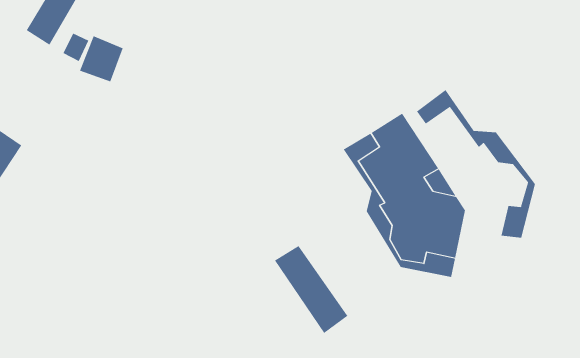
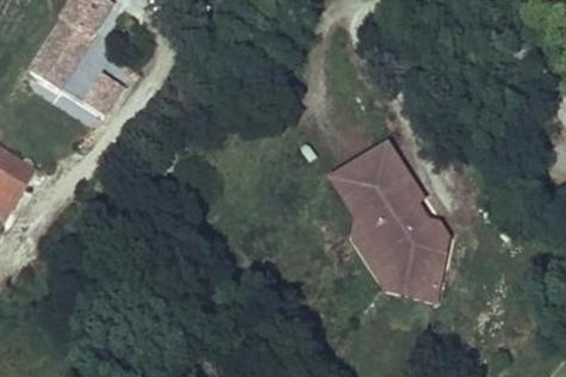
building: [416,89,536,239] -> none
building: [274,245,348,334] -> none

